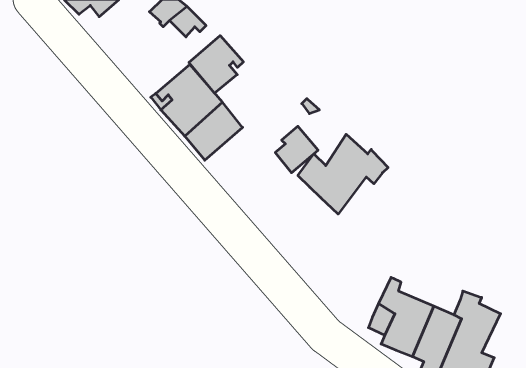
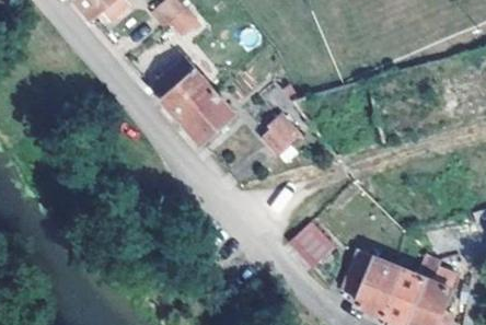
building: [189,36,243,93] -> none
building: [298,134,388,214] -> none
building: none -> [290,222,336,268]

